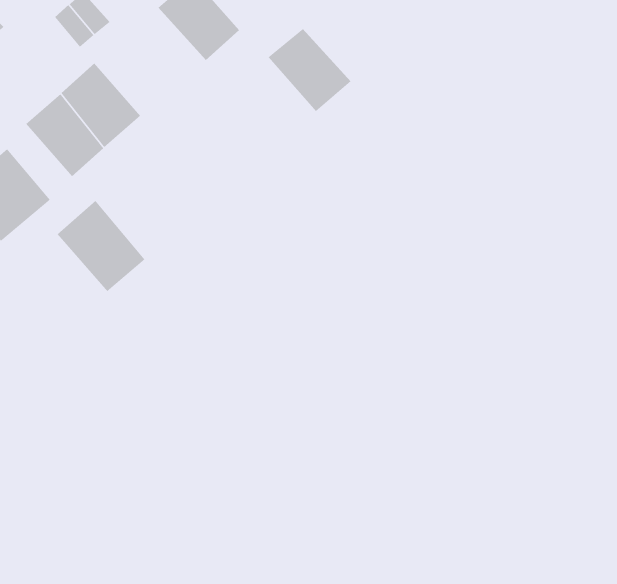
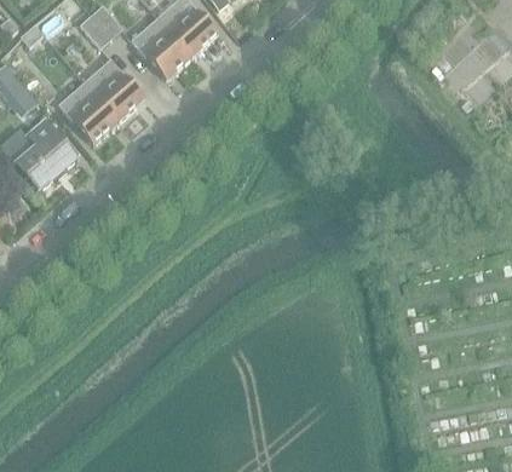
building: [267,28,351,112] -> [128,16,191,79]
building: [57,200,146,292] -> none

